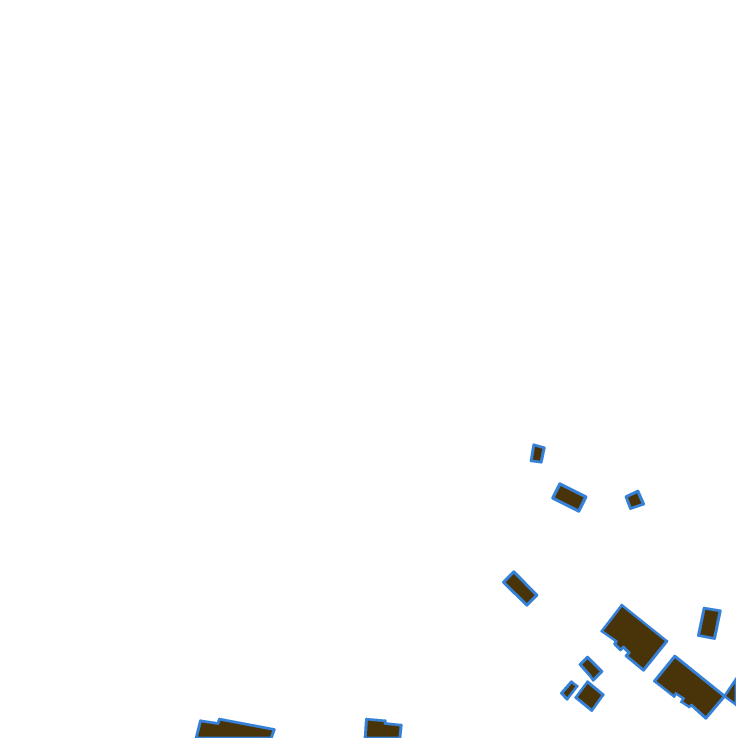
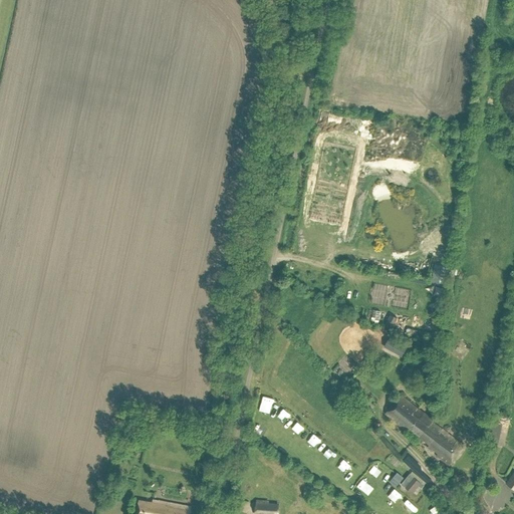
building: none -> [384,396,433,439]
building: [654,656,724,718] -> none

